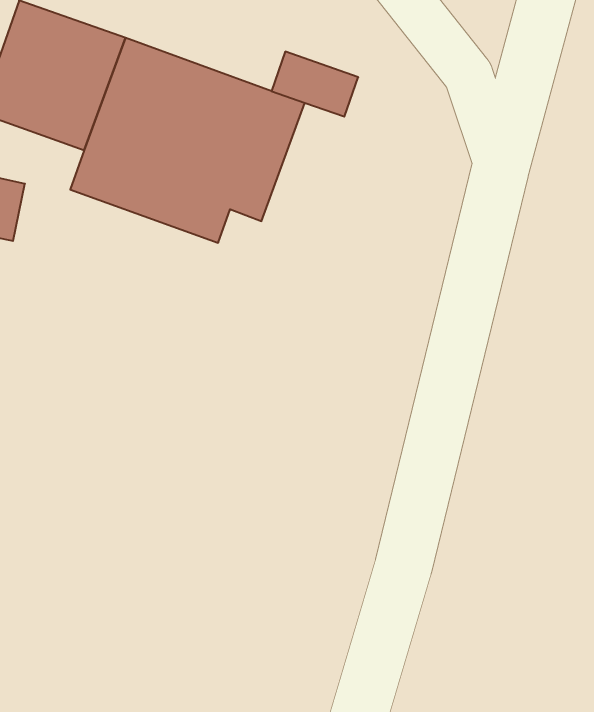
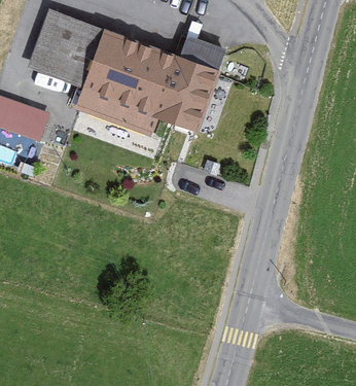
building: none -> [174,63,220,133]

